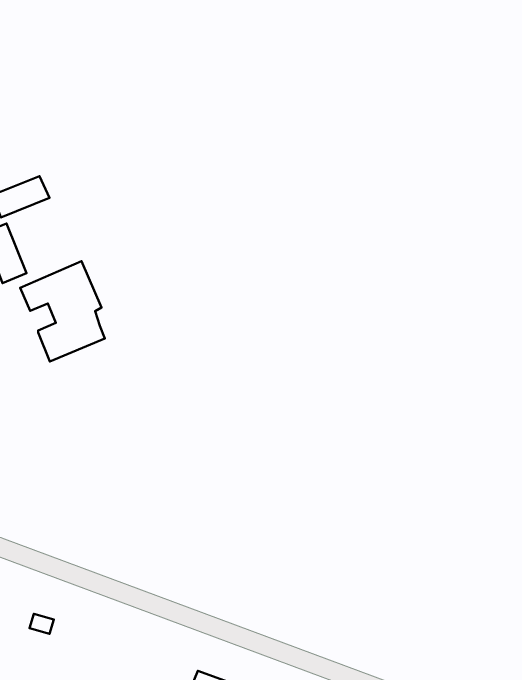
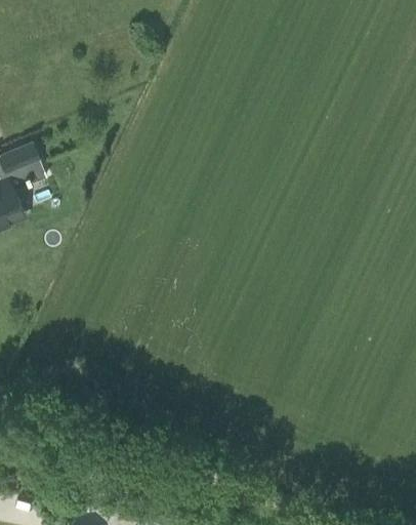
building: [20,261,105,361] -> none

